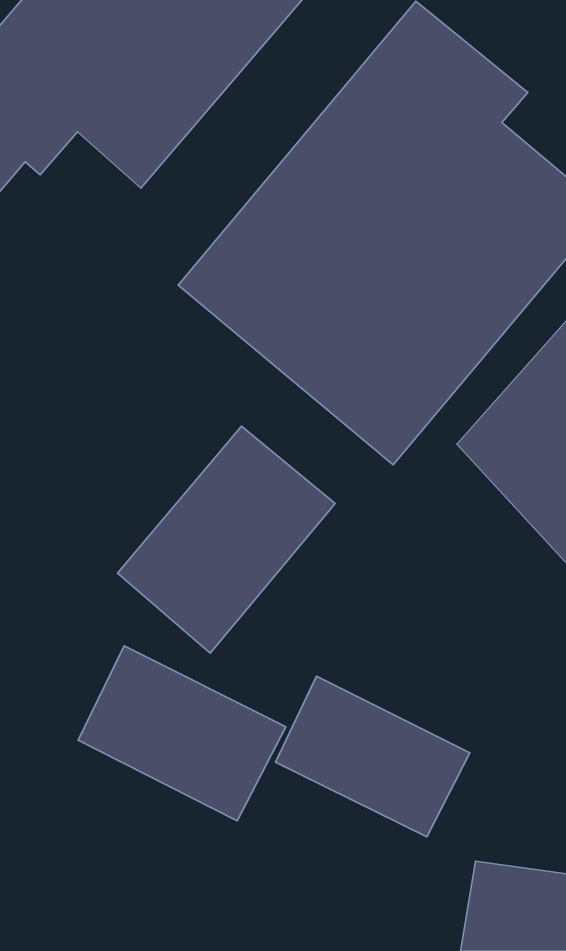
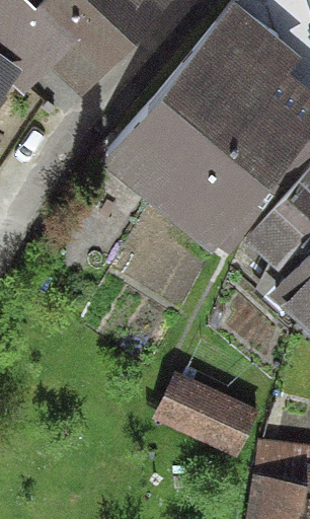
building: [118,426,335,653] -> none
building: [78,646,286,821] -> none

